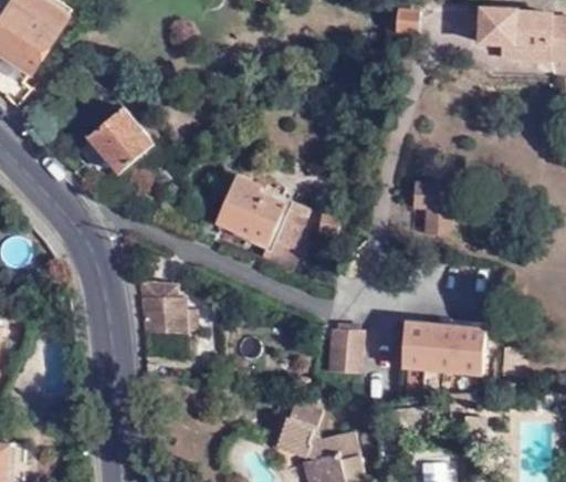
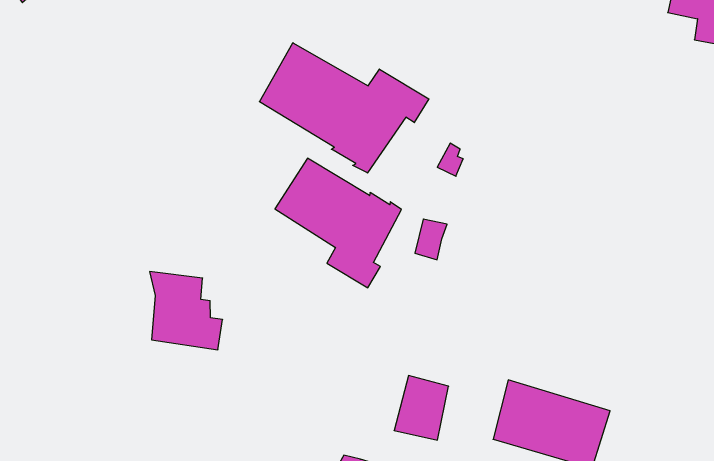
building: none -> [259,43,429,173]
building: [78,107,155,184] -> none
building: [413,179,454,234] -> none

